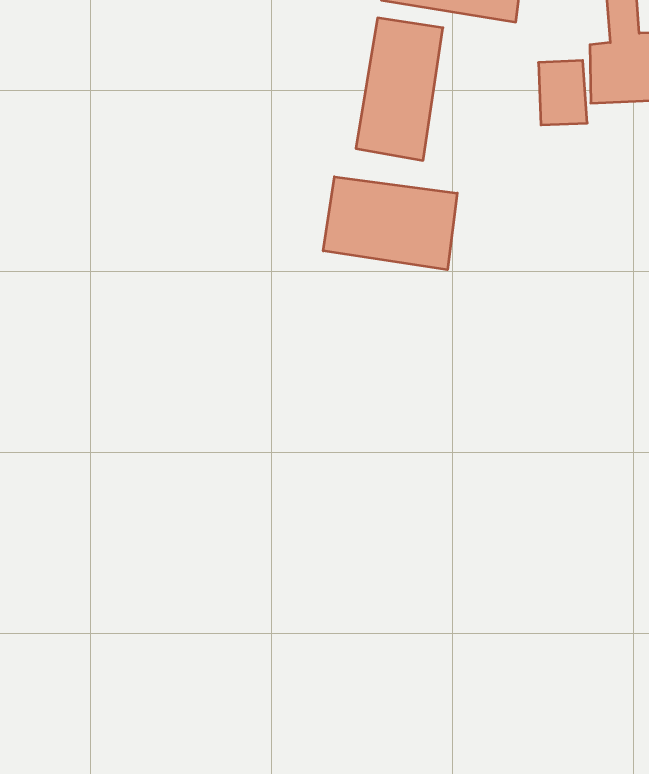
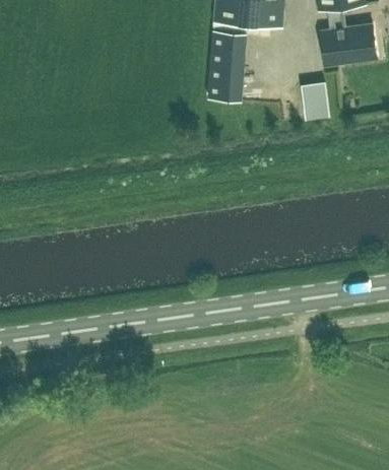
building: [538,60,587,125] -> [302,83,329,118]
building: [323,177,457,270] -> none

